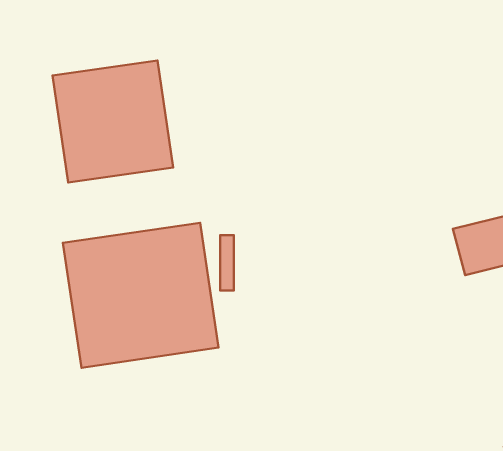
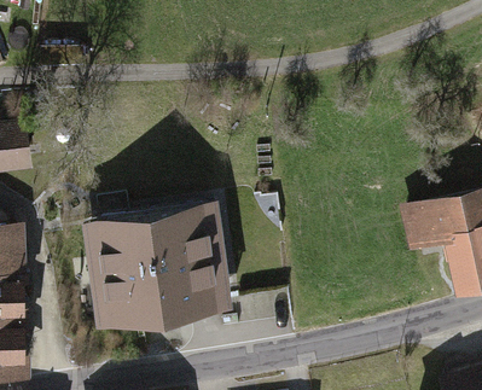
building: [53,60,173,183] -> none

